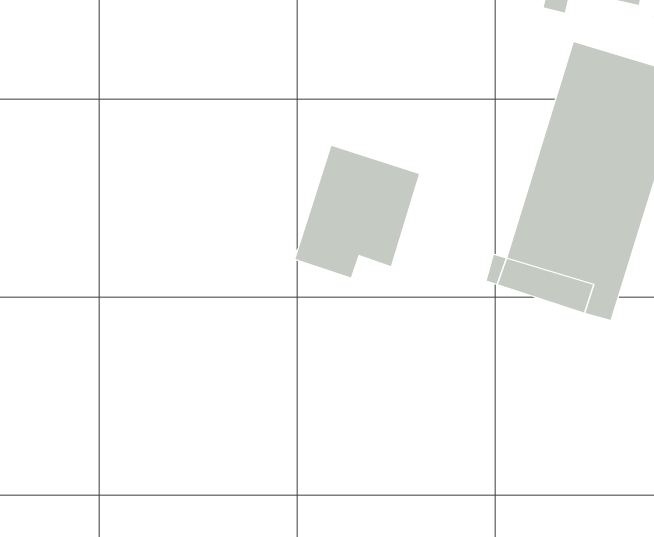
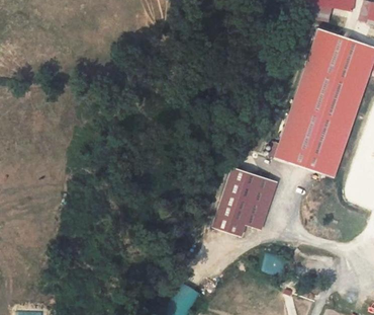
building: [295,145,420,278] -> [210,166,277,237]

